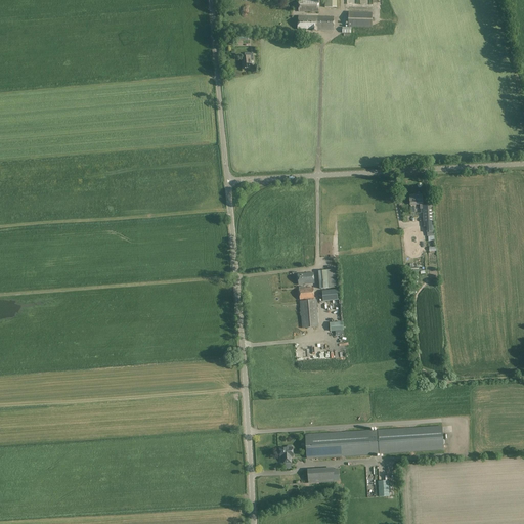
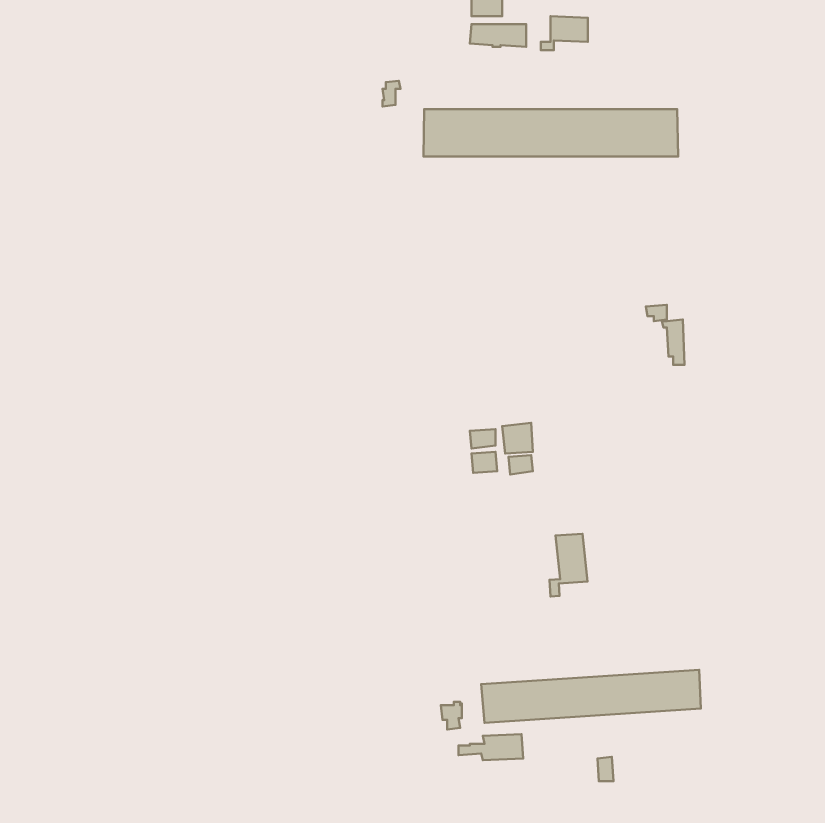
building: none -> [423,109,678,157]
building: [300,299,319,328] -> none
building: none -> [549,534,587,596]

